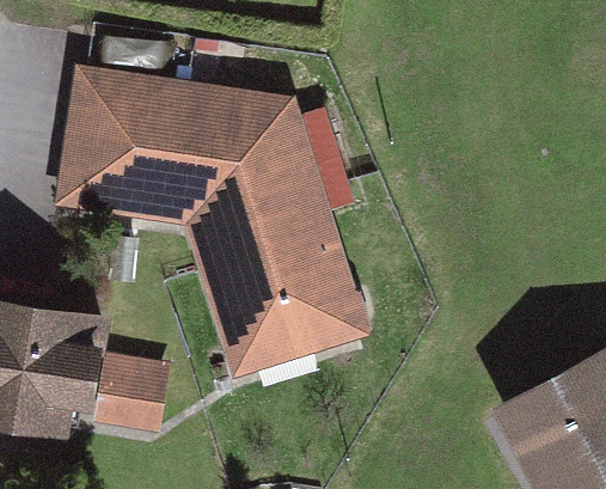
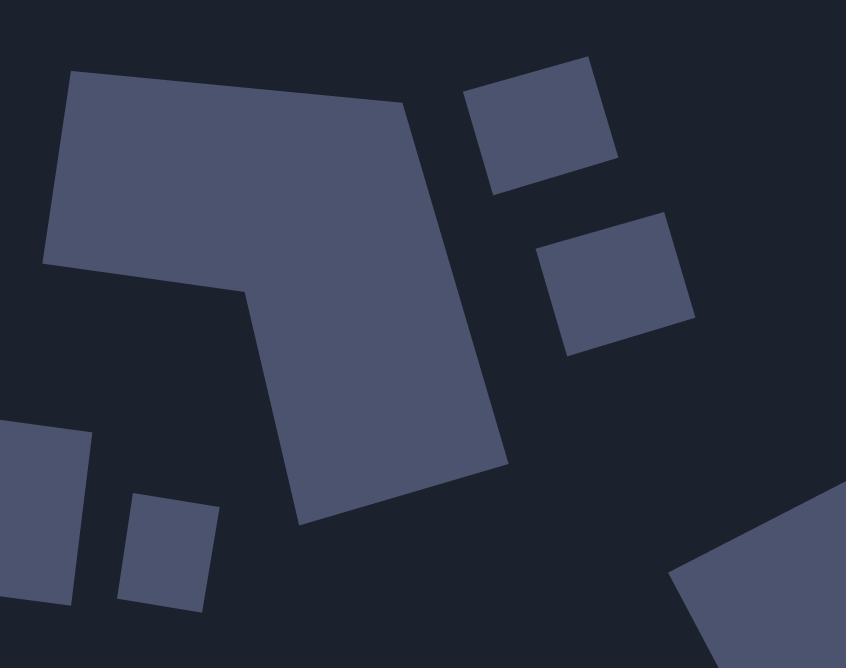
building: none -> [462,55,619,196]
building: none -> [535,211,696,357]

